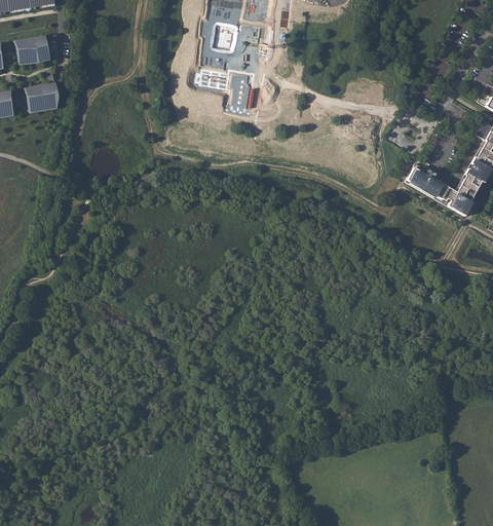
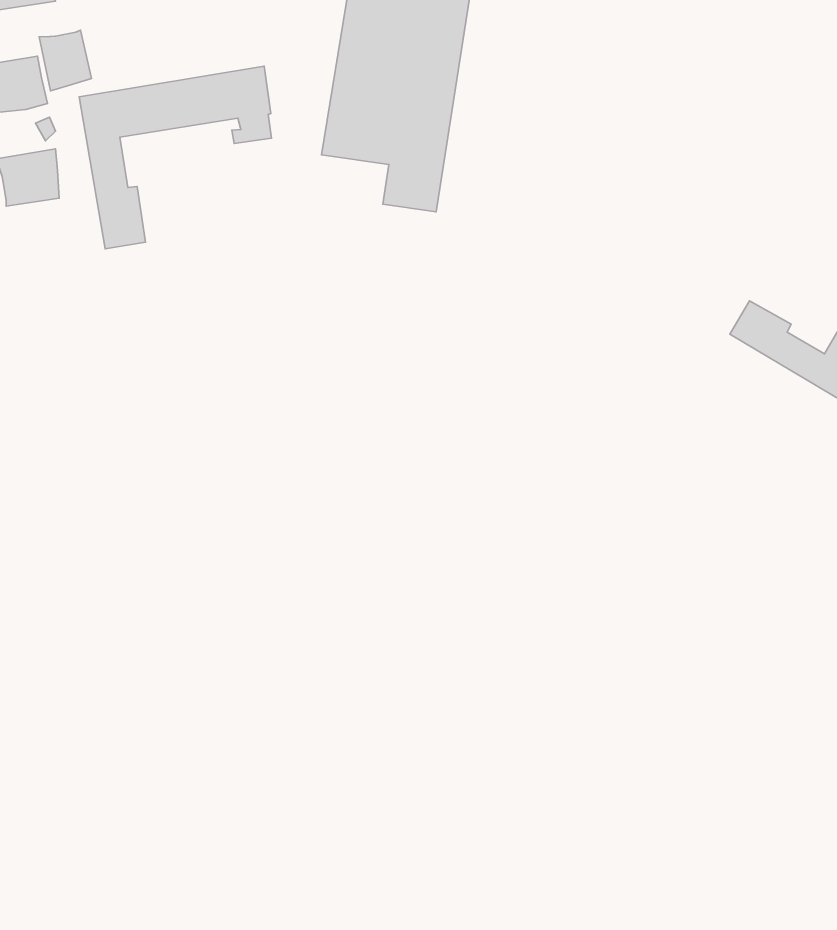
building: none -> [39,30,91,91]
building: none -> [79,66,272,249]

